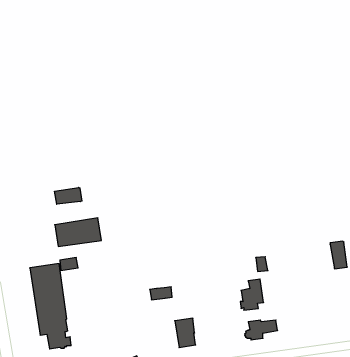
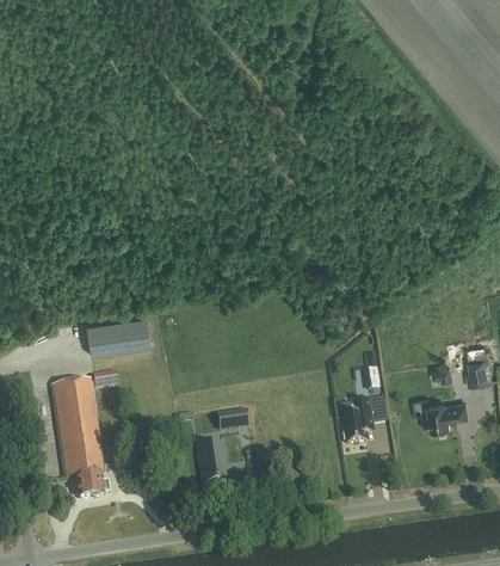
building: [55,187,82,204] -> none
building: [175,318,196,348] -> [196,443,224,484]
building: [245,320,278,340] -> [421,404,467,431]

